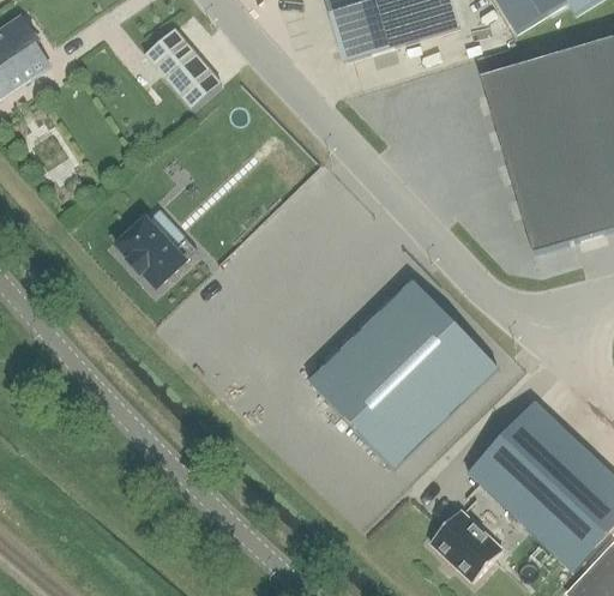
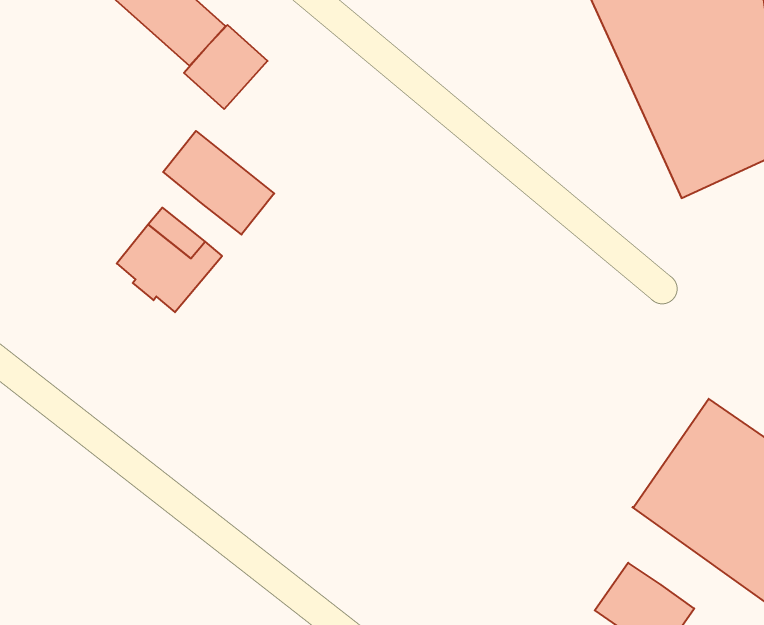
building: none -> [184,25,268,109]
building: none -> [163,131,274,235]
building: [309,281,495,468] -> none

